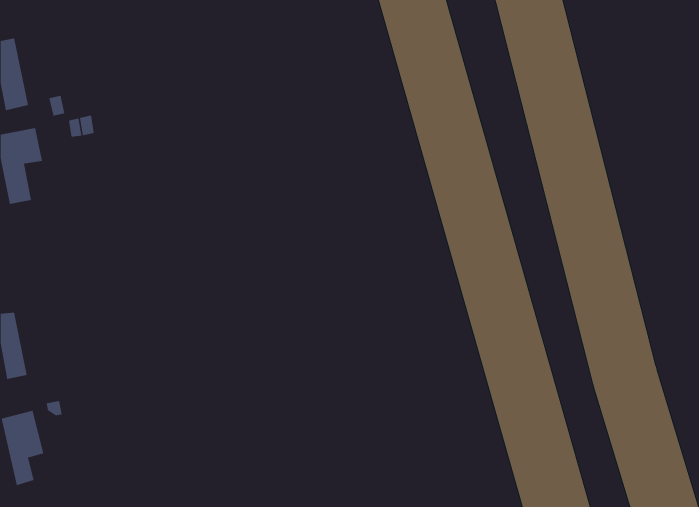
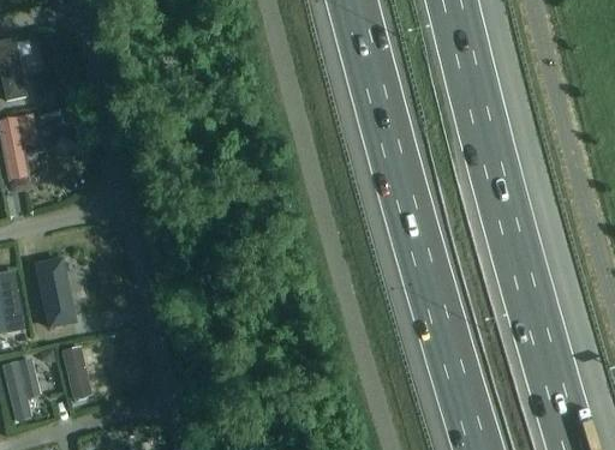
building: none -> [37,259,74,328]
building: none -> [61,347,91,398]

